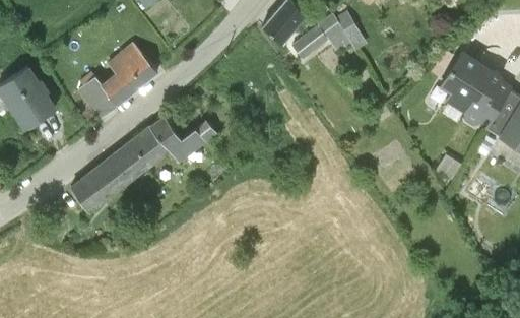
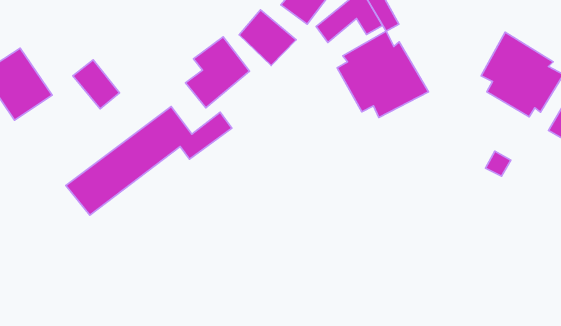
building: none -> [239,10,296,66]
building: [100,42,156,105] -> [185,37,249,108]
building: none -> [337,31,428,118]

